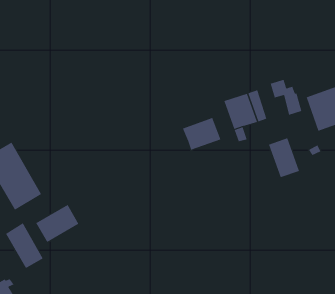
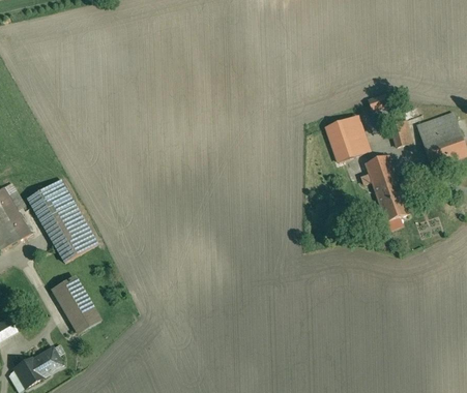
building: [182,117,221,150] -> none
building: none -> [366,154,396,181]
building: [35,204,79,243] -> none

